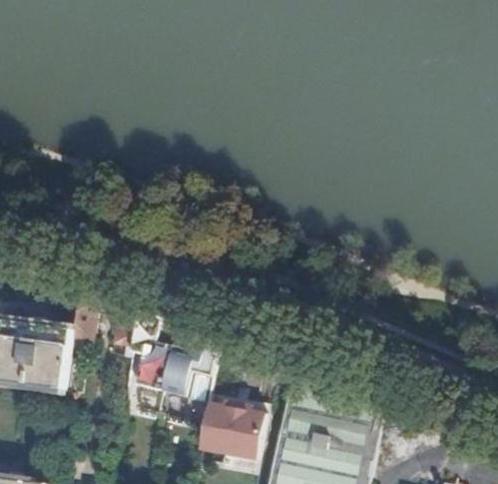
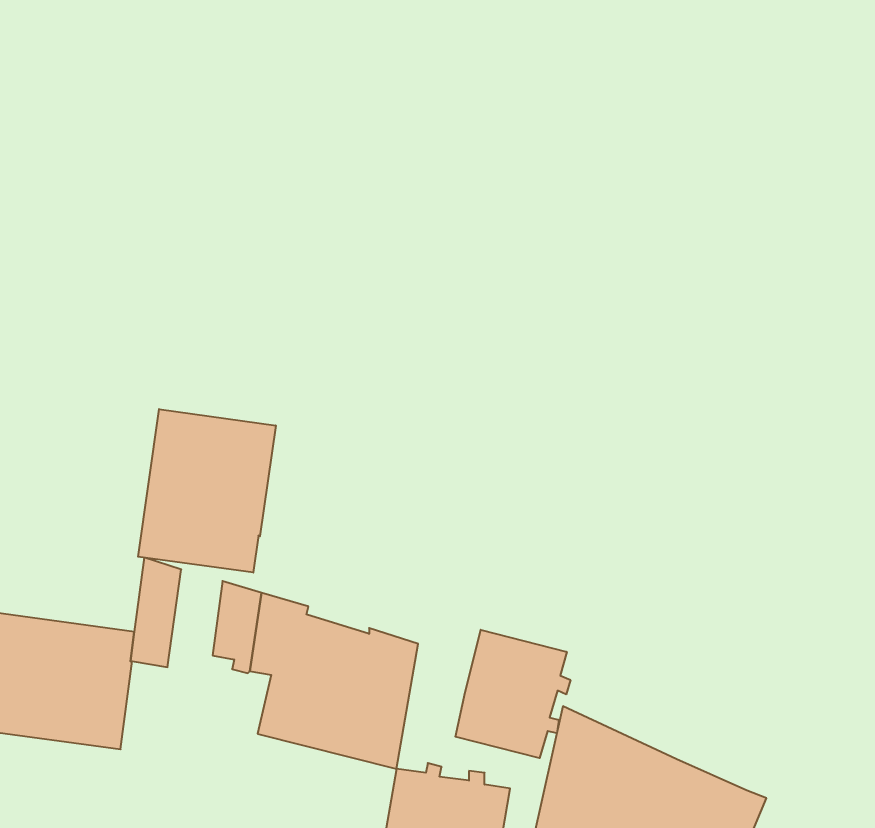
building: none -> [138,409,276,573]
building: none -> [455,630,570,758]

